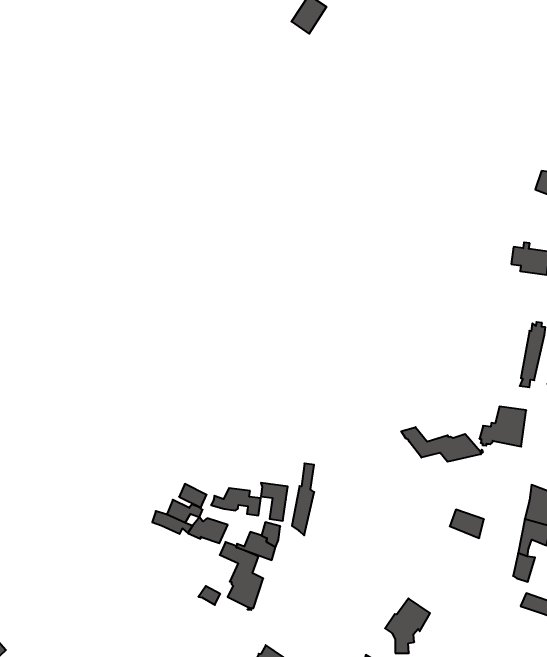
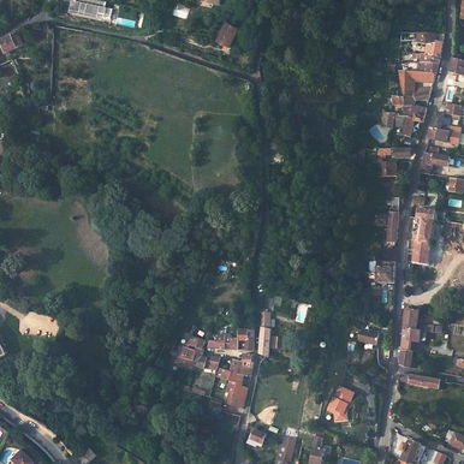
building: [401,427,483,462] -> none

